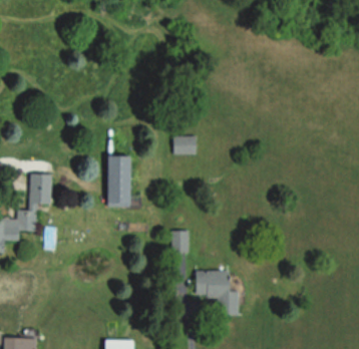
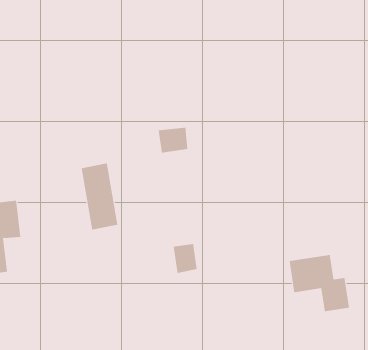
building: [196,271,239,316] -> [289,255,350,312]

